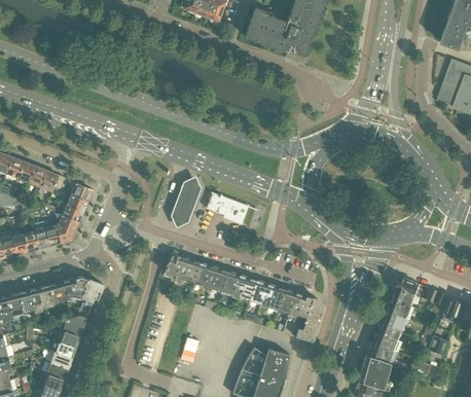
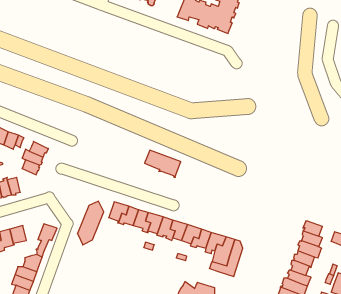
building: [172,177,203,228] -> [77,201,104,245]
building: [57,214,79,242] -> none
building: [64,276,88,300] -> none

